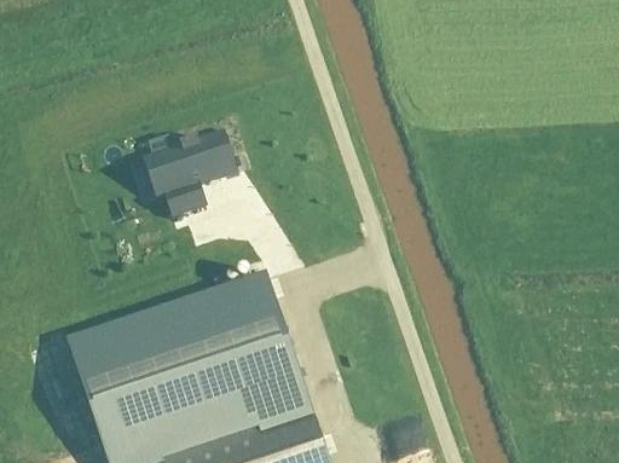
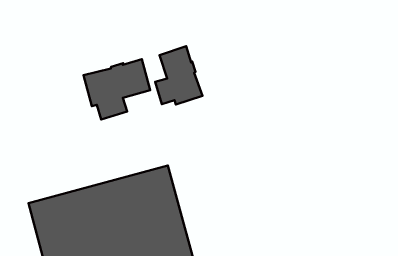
building: none -> [155,46,203,105]

